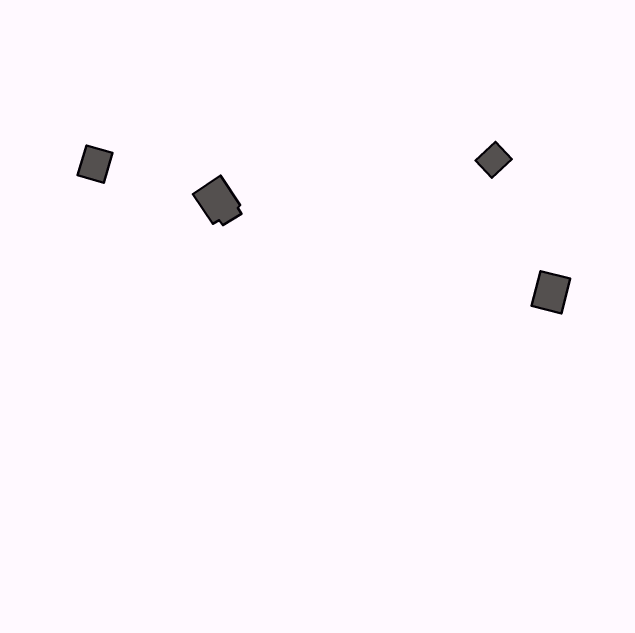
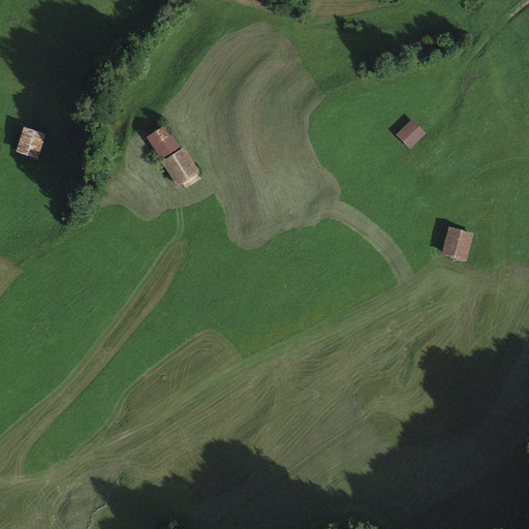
building: [78,145,112,183] -> [15,126,44,157]
building: none -> [146,123,180,158]

